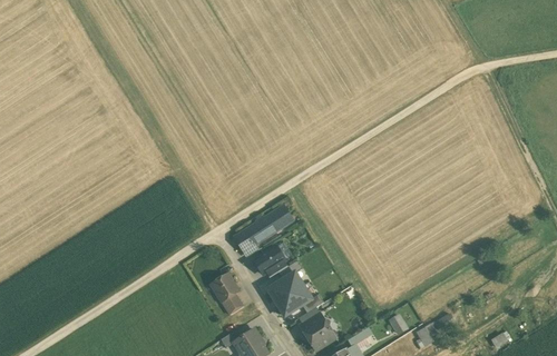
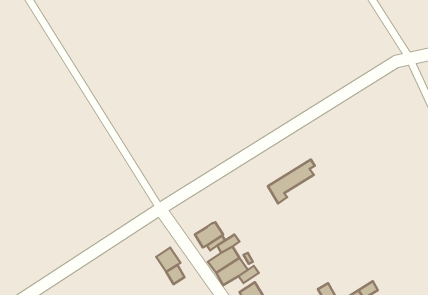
building: [235,207,286,255] -> [268,160,315,203]

